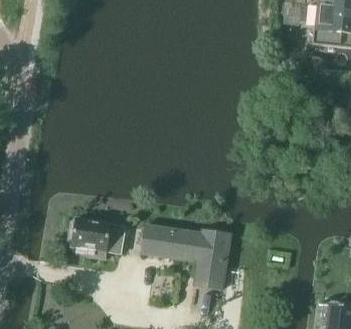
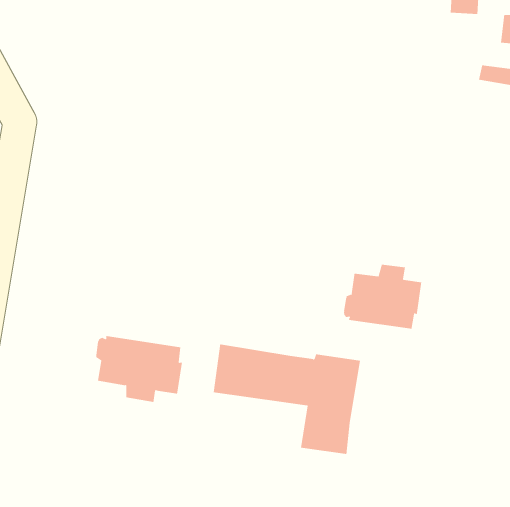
building: none -> [344,264,422,330]

